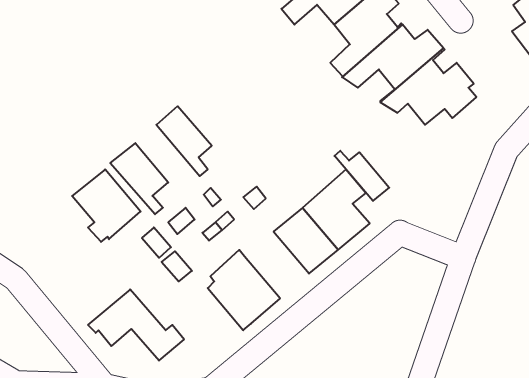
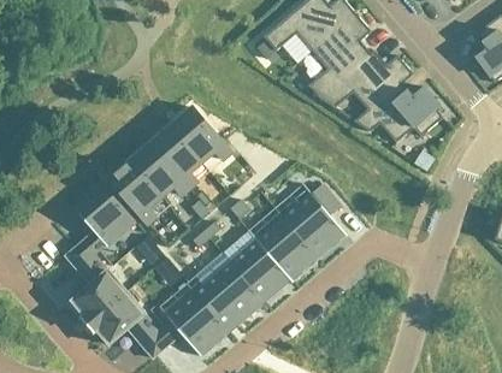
building: none -> [169,105,231,160]
building: none -> [130,141,189,194]
building: [334,151,389,201] -> none
building: none -> [65,235,125,324]
building: none -> [230,238,289,300]
building: none -> [164,290,229,355]

